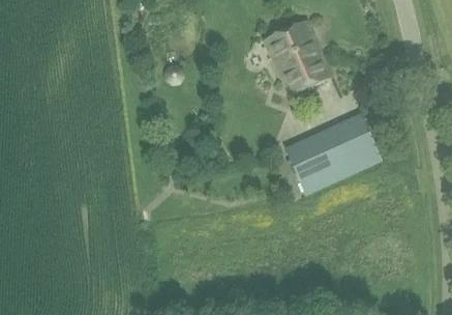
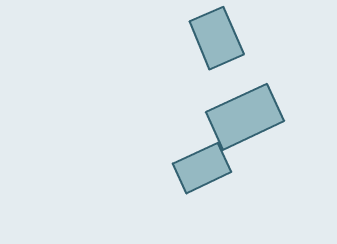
building: none -> [173,143,231,194]

